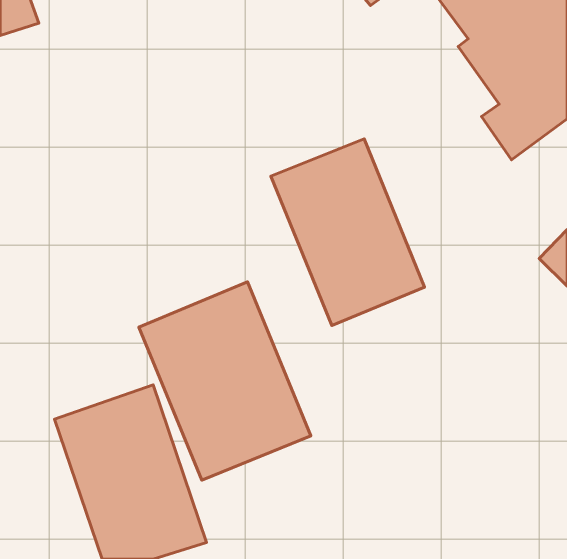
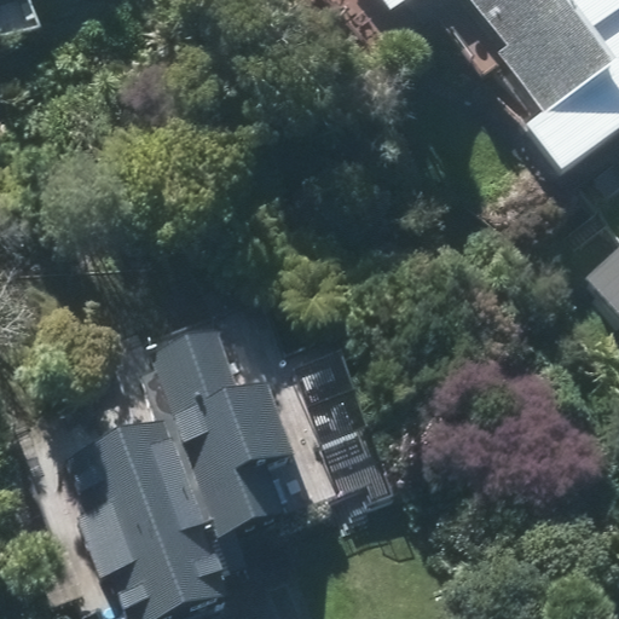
building: [271,139,425,325] -> none

